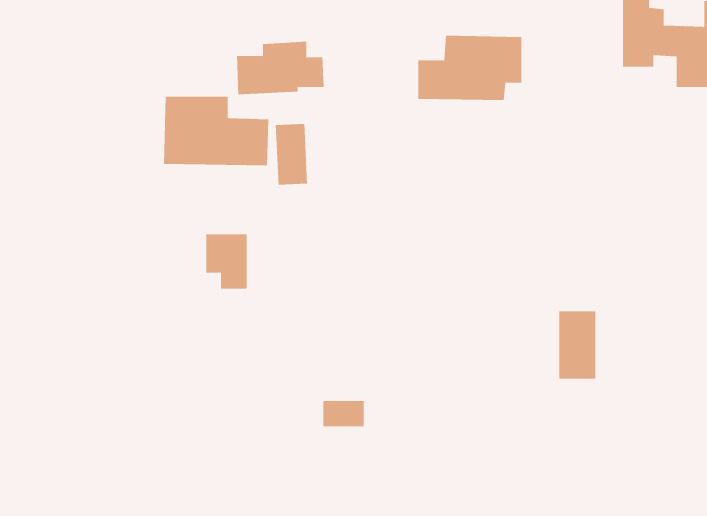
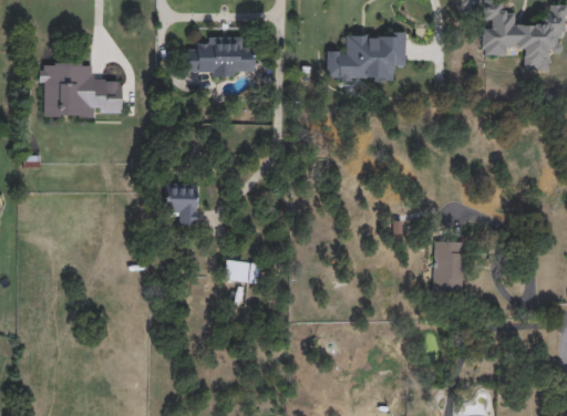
building: [163,96,269,166] -> [42,63,123,116]
building: [275,123,308,186] -> none
building: [323,401,365,427] -> [225,261,257,281]

